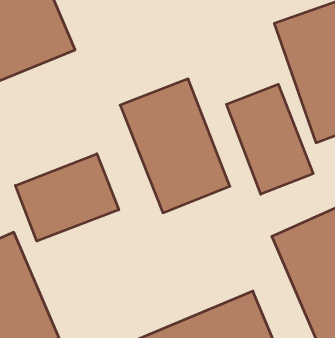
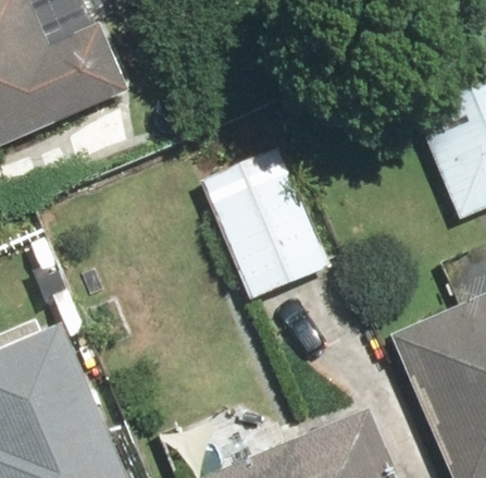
building: [226,84,313,194] -> none
building: [15,154,119,241] -> none

